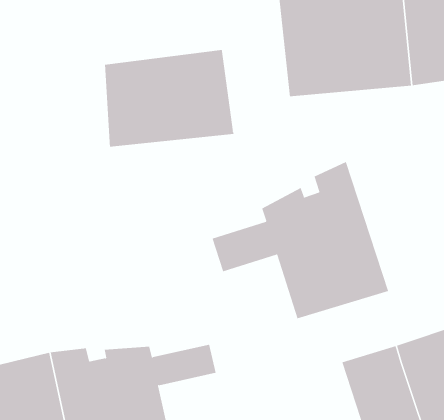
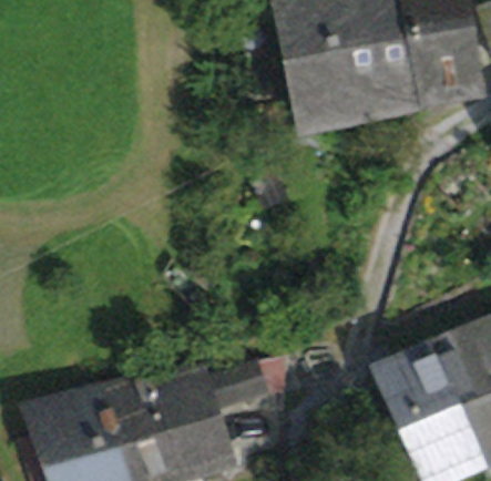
building: [104,49,234,147] -> none
building: [212,161,389,319] -> none

